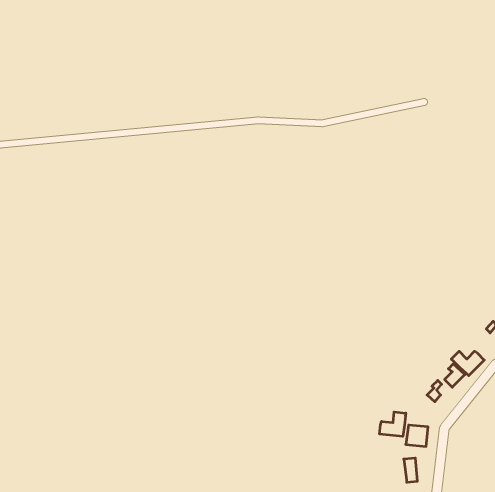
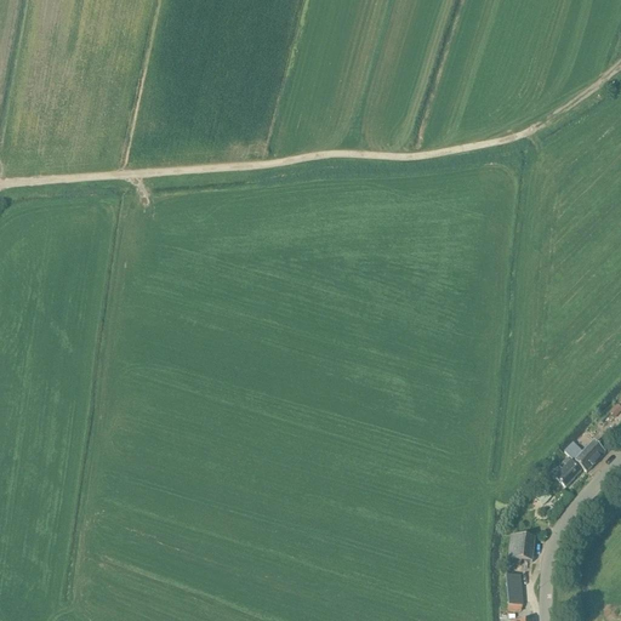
building: [380,412,406,436] -> none

